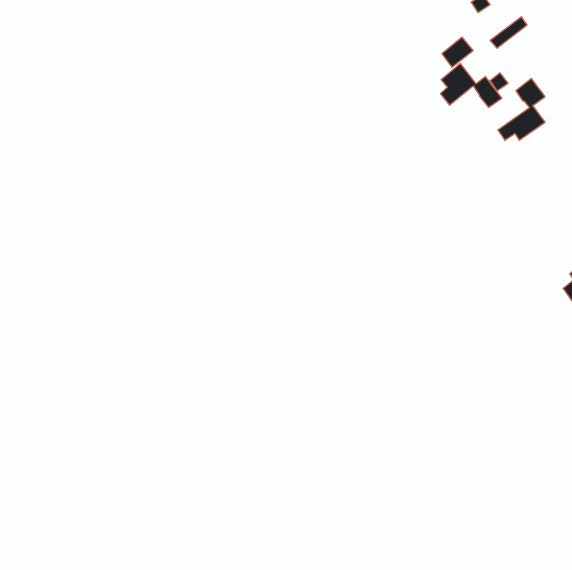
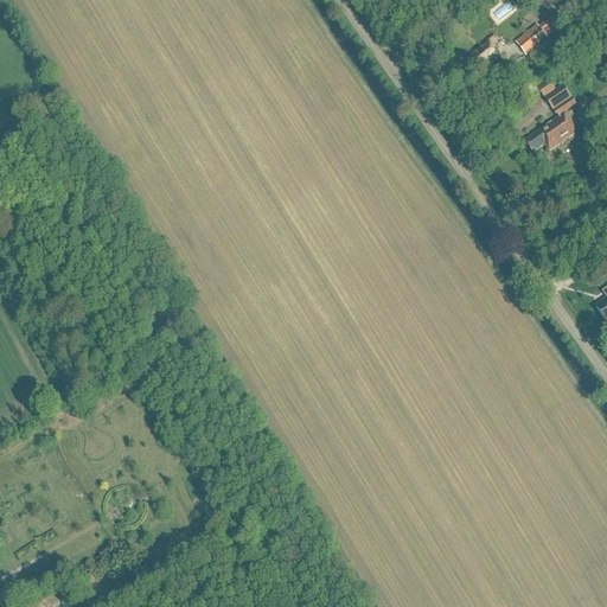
building: [440,63,502,107] -> none

